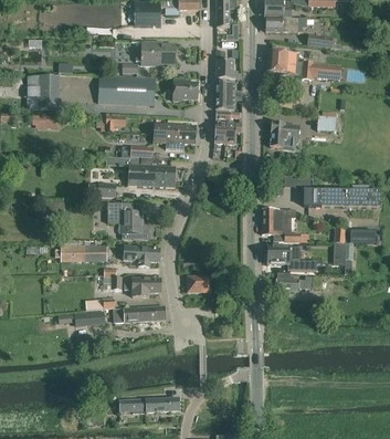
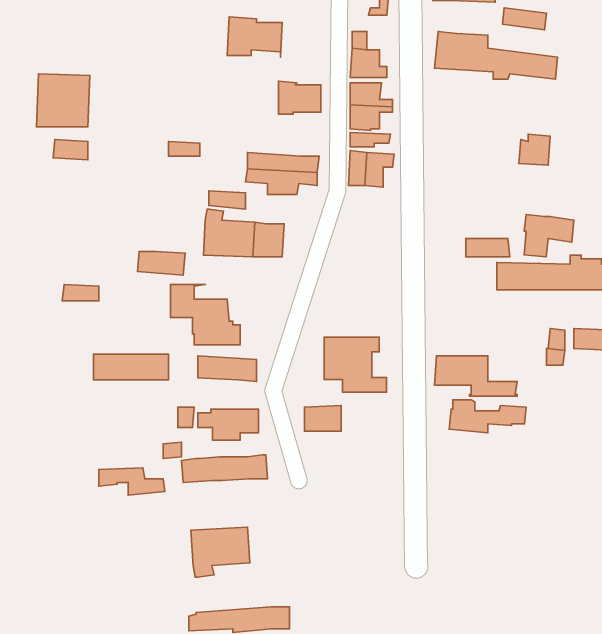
building: [98,76,156,106] -> none
building: [270,122,299,147] -> [524,215,574,257]
building: [262,208,299,241] -> [324,337,387,392]
building: none -> [191,527,250,577]

